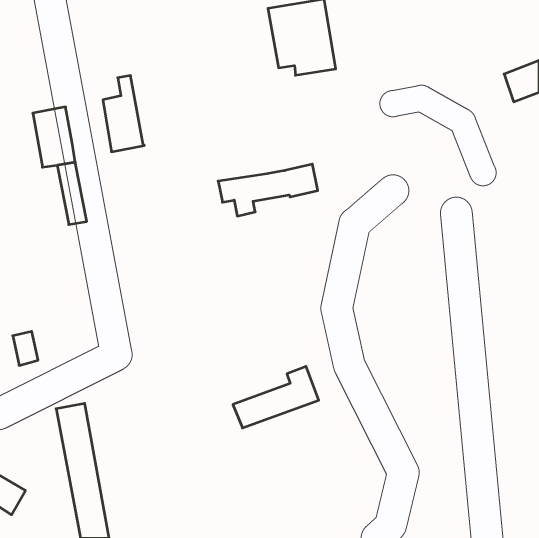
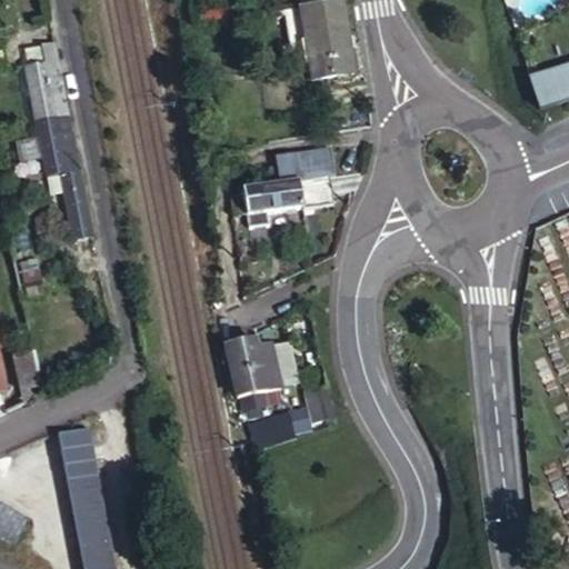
building: [103,76,144,152] -> [26,39,69,119]
building: none -> [276,146,335,182]
building: none -> [222,342,282,407]

